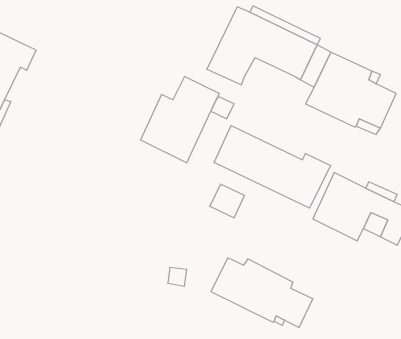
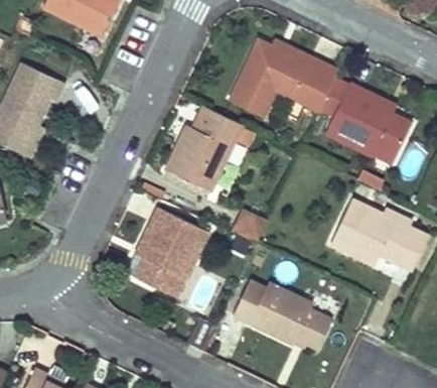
building: [214,125,330,208] -> none
building: none -> [126,208,207,298]

